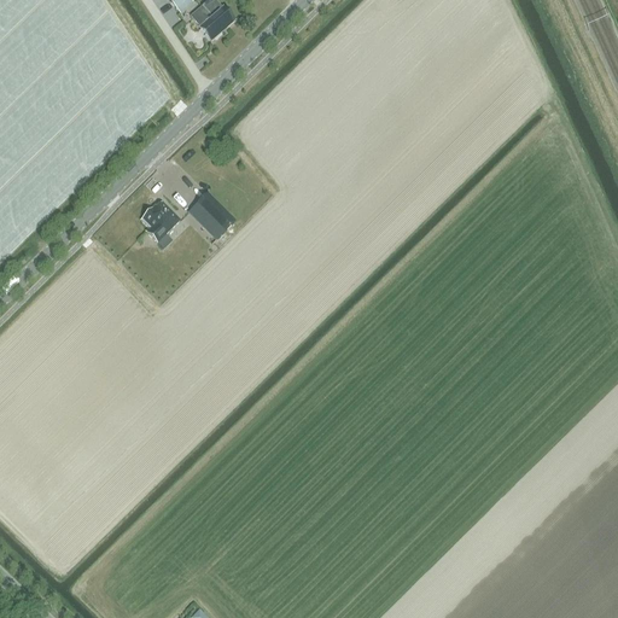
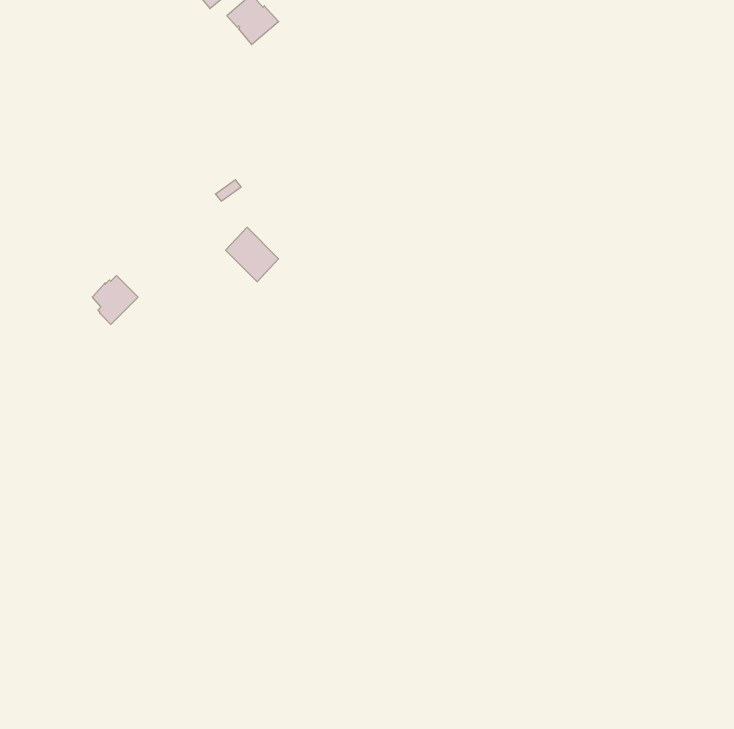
building: [141,199,180,240] -> [92,276,138,324]

